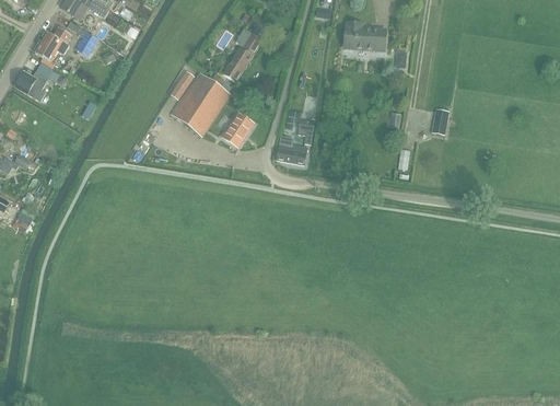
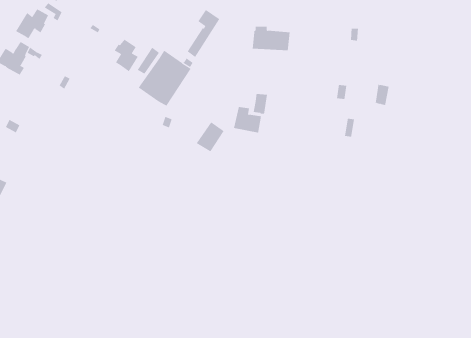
building: [342,22,385,49] -> [252,26,290,51]
building: none -> [114,39,138,72]
building: [221,112,253,146] -> [196,121,225,152]

